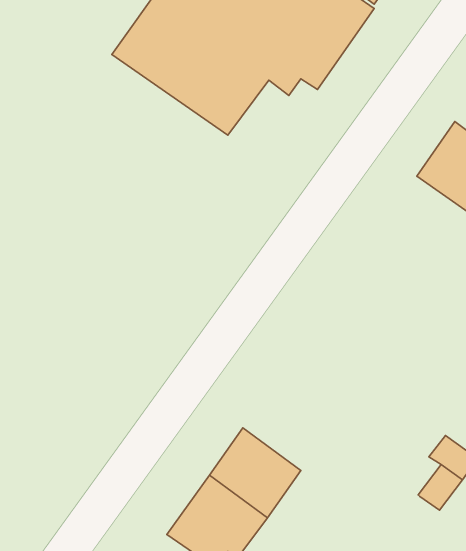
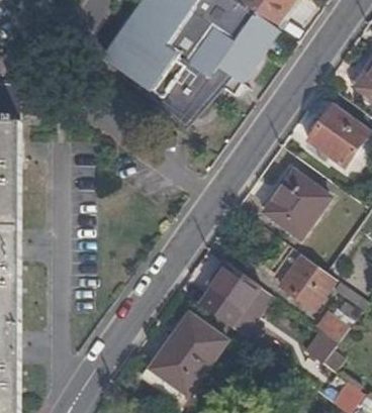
building: none -> [260,170,329,239]
building: none -> [278,252,334,307]
building: none -> [206,263,270,338]

